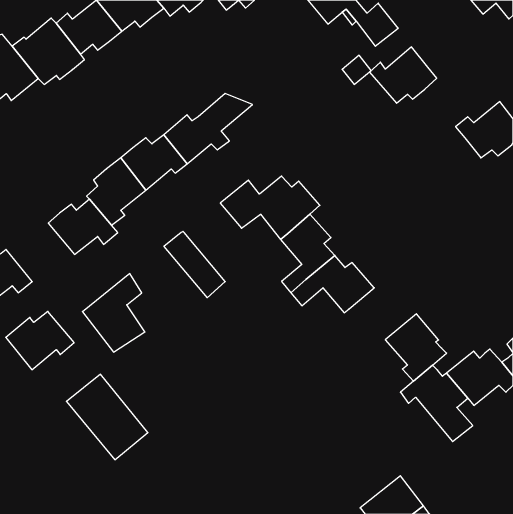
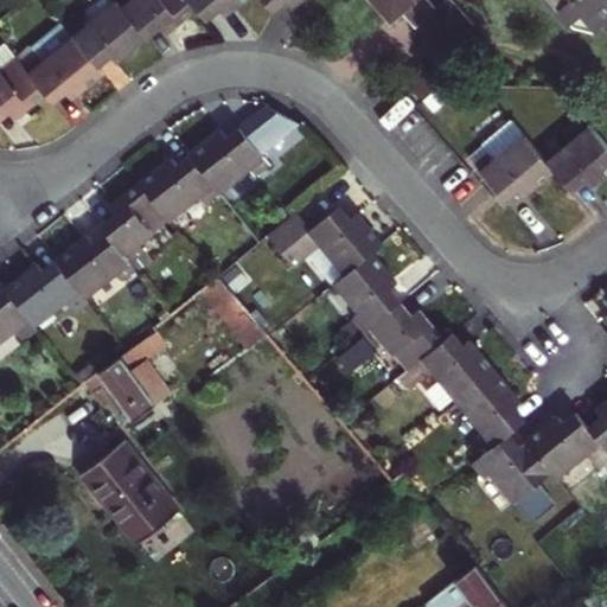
building: [369,47,437,103] -> [468,126,548,192]
building: none -> [396,333,491,401]
building: [6,311,74,370] -> [7,263,88,332]

